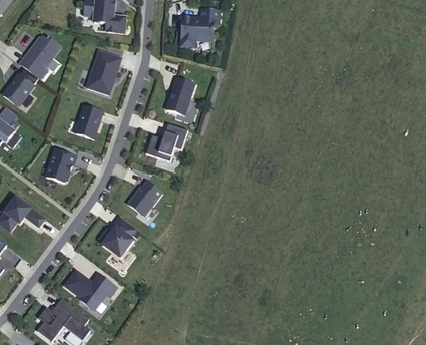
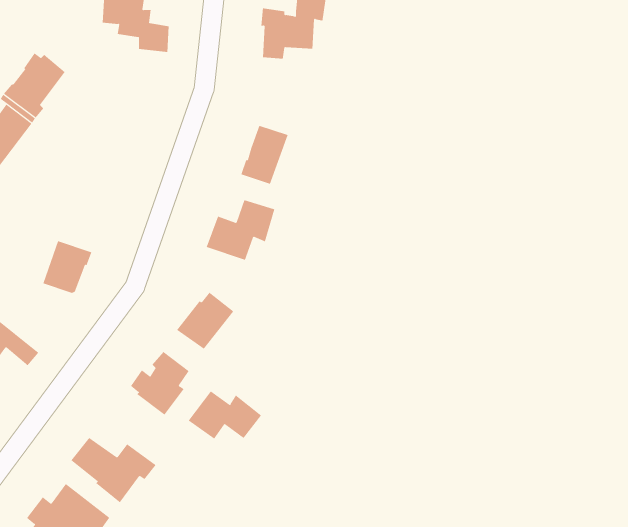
building: [87,51,121,95] -> none
building: [76,105,103,134] -> none
building: none -> [188,390,262,439]

